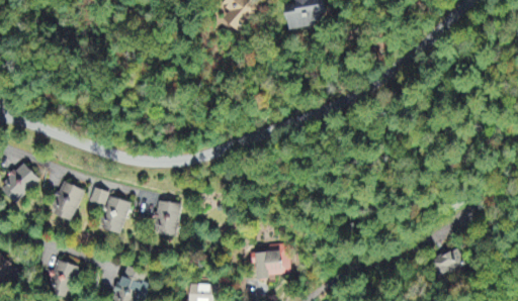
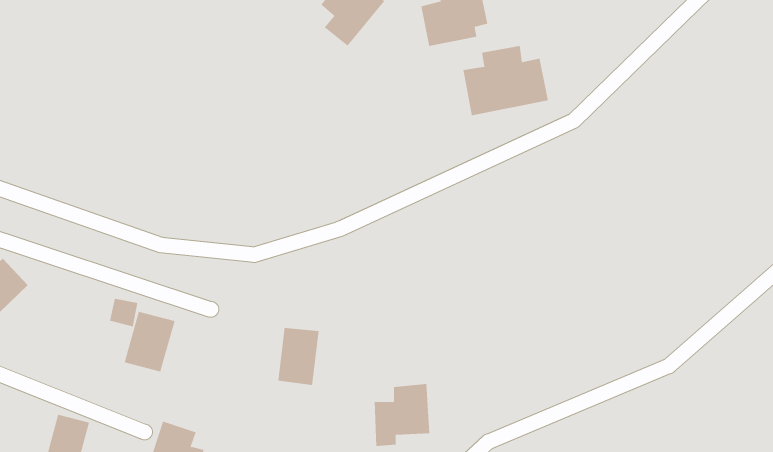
building: none -> [463,45,549,116]
building: [50,181,83,221] -> none
building: [154,201,180,237] -> [277,327,319,386]
building: [432,247,463,274] -> none

